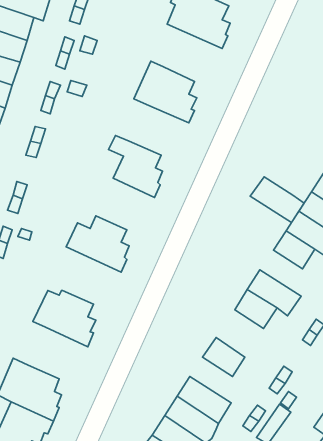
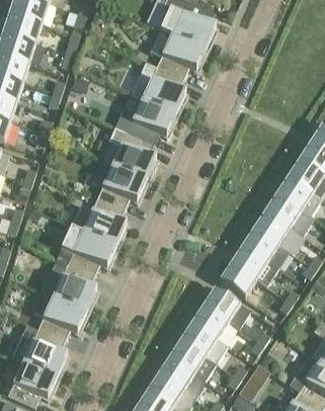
building: none -> [150,28,209,79]
building: none -> [127,99,179,144]
building: none -> [91,160,149,210]
building: [250,177,304,223] -> [242,228,290,268]
building: none -> [56,225,119,275]
building: none -> [204,286,251,328]
building: none -> [34,296,90,341]
building: none -> [180,322,228,362]

